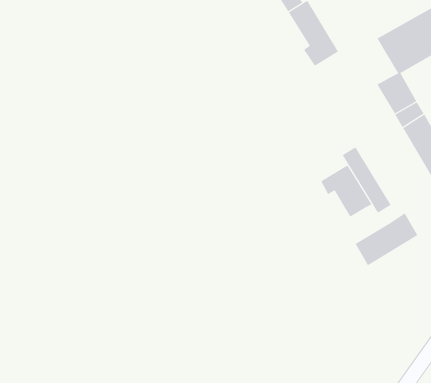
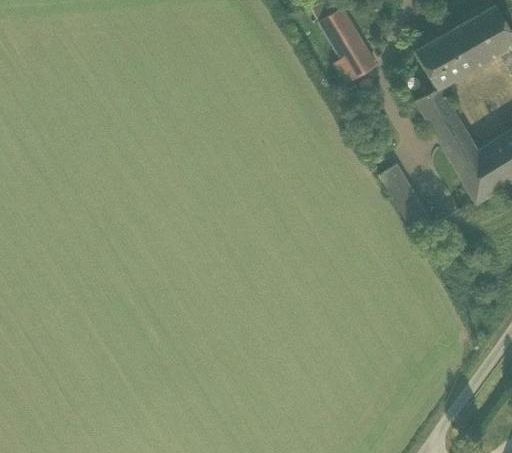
building: [321,165,372,217] -> none
building: [355,213,418,266] -> none

